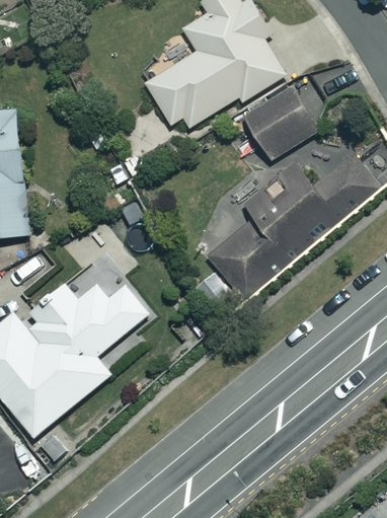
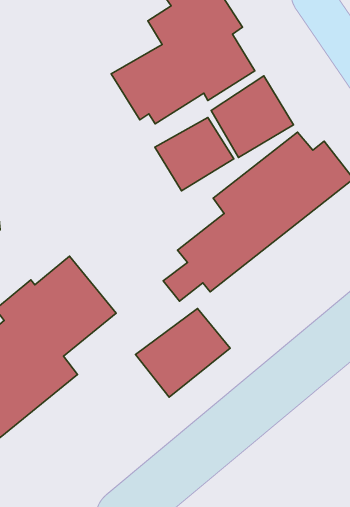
building: none -> [155,117,234,191]
building: none -> [136,308,230,397]

